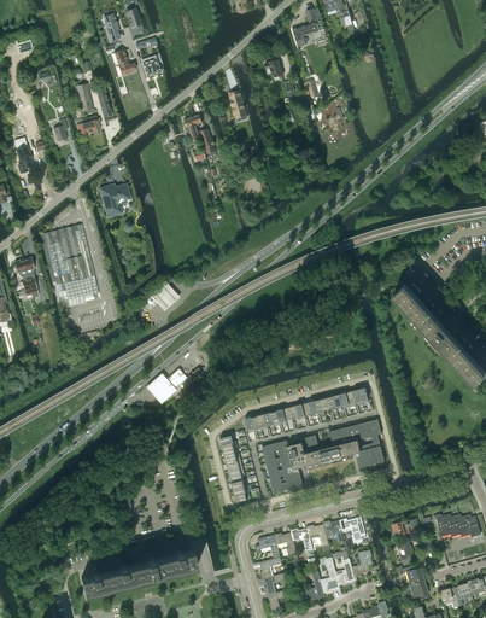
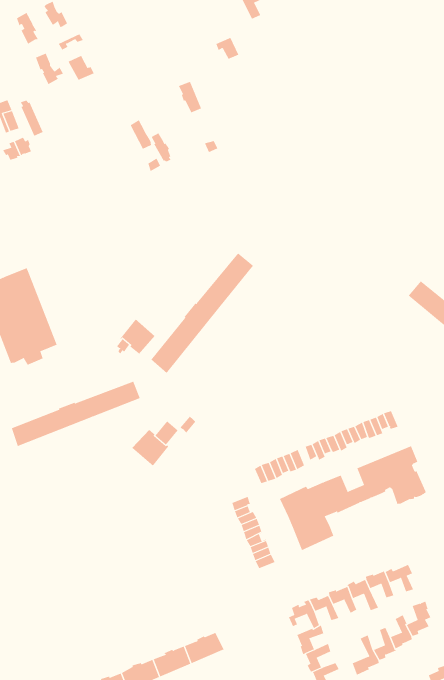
building: [100,183,130,216] -> none
building: none -> [151,253,254,374]
building: none -> [11,381,140,447]

